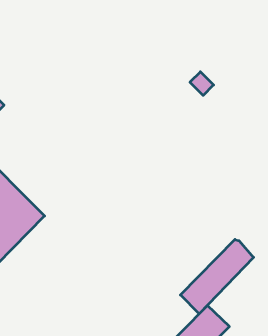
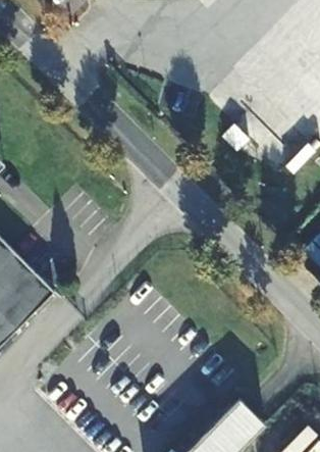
building: [180,239,254,314] -> none

